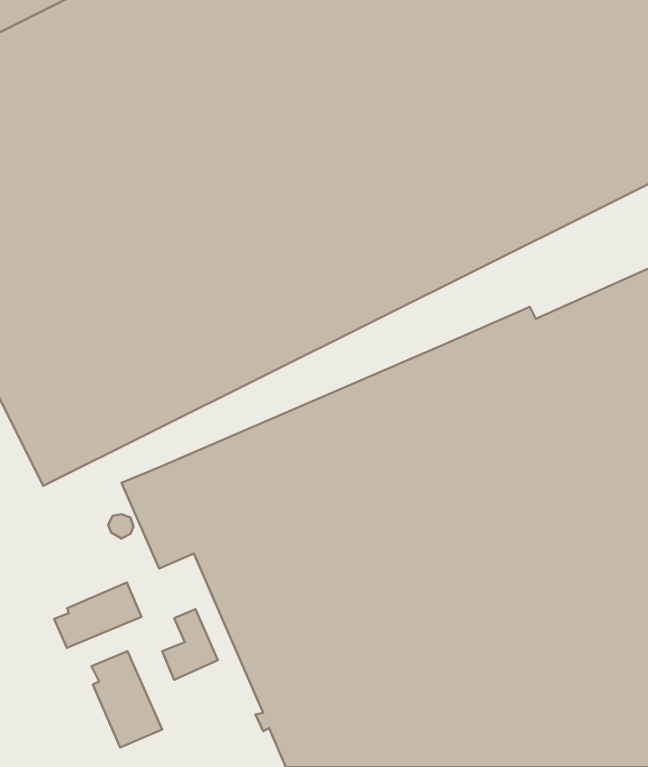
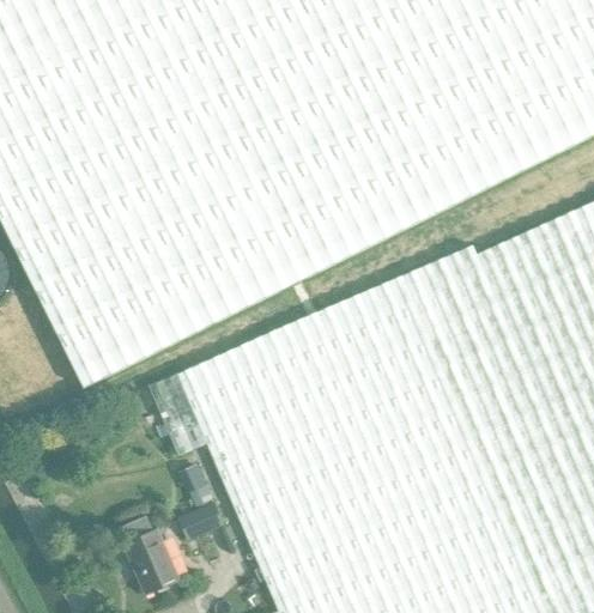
building: [54,583,141,648] -> none

